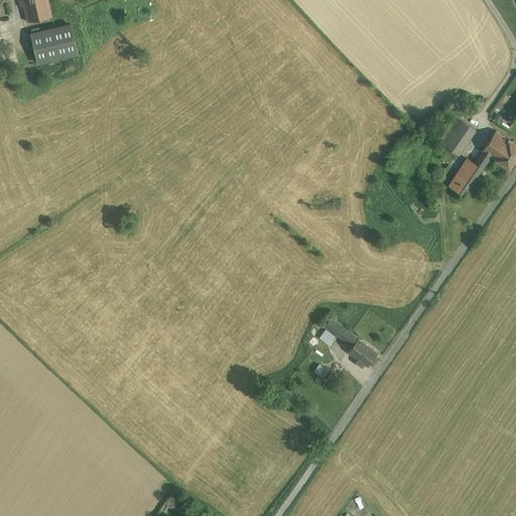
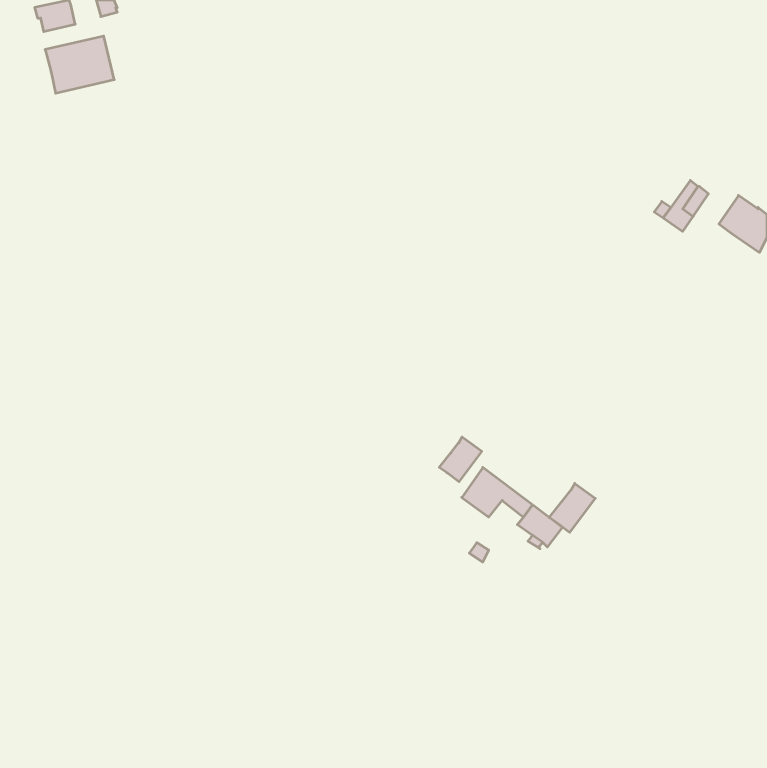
building: [447,150,490,196] -> none
building: none -> [439,437,482,482]
building: none -> [549,483,595,532]

